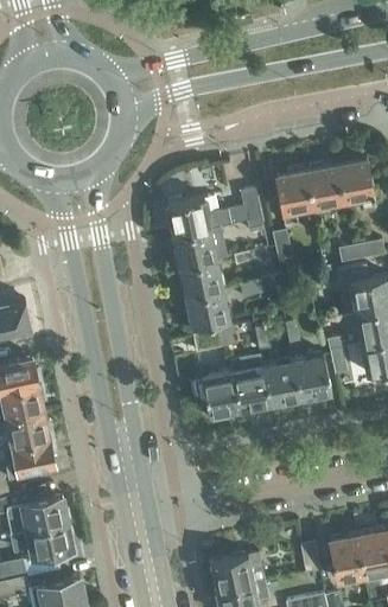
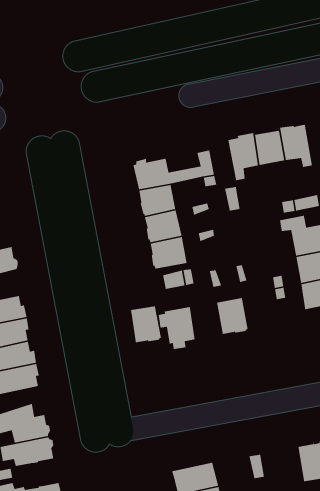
building: [293,354,331,398] -> none
building: [233,366,269,410] -> [130,306,162,343]
building: [329,532,364,581] -> none

